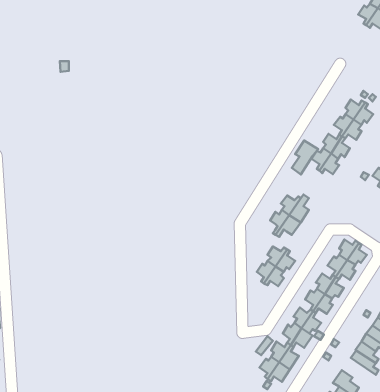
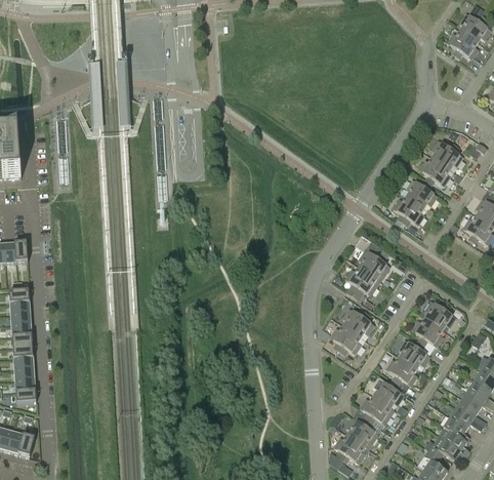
building: [292,141,318,175] -> none
building: none -> [424,435,466,459]

